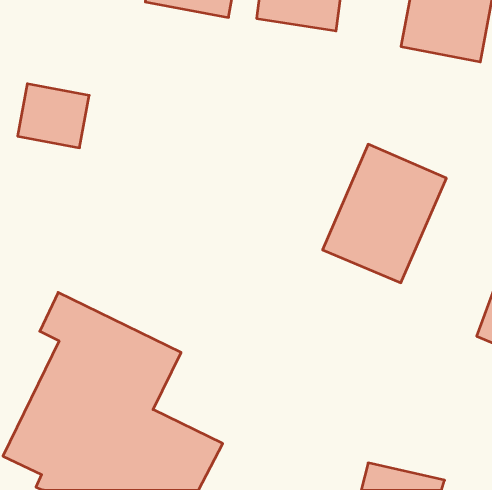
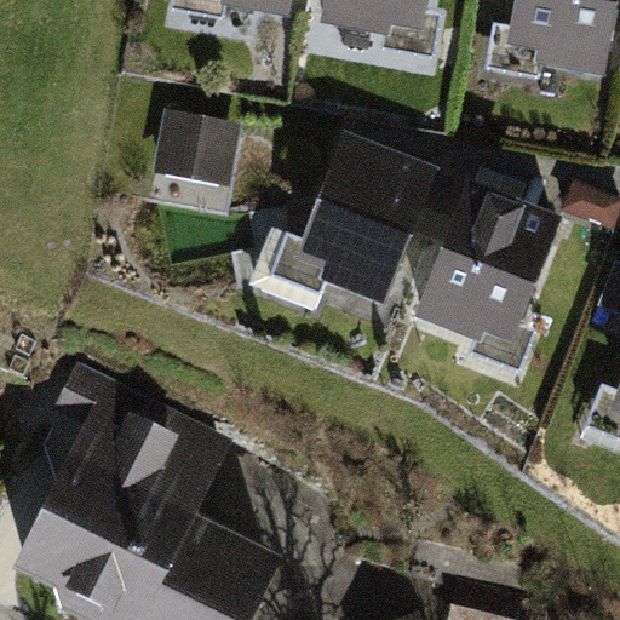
building: [18,84,89,148] -> [155,110,245,190]
building: none -> [279,132,432,310]

